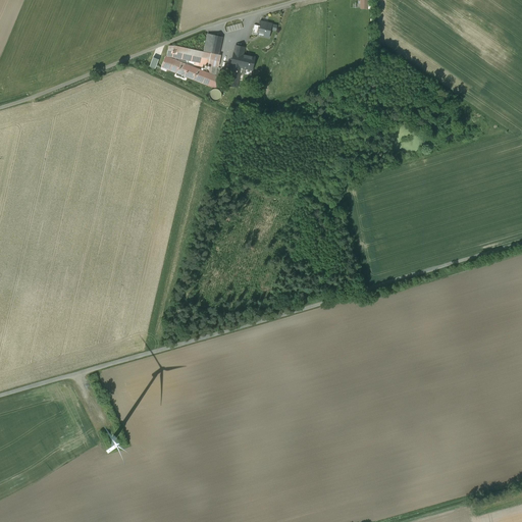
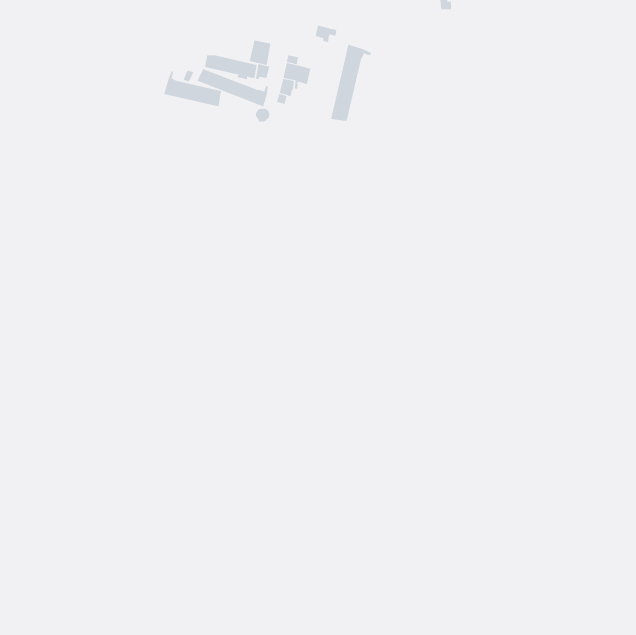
building: none -> [331,44,372,122]
building: none -> [164,70,222,107]

